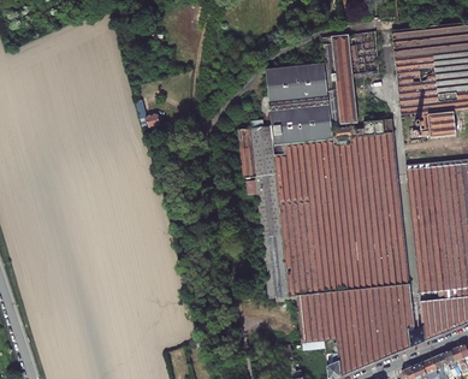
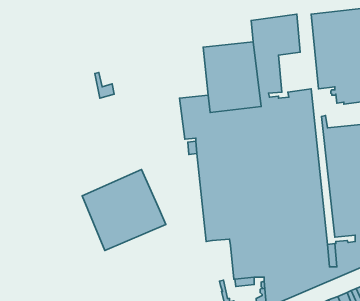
building: none -> [82,170,166,251]

